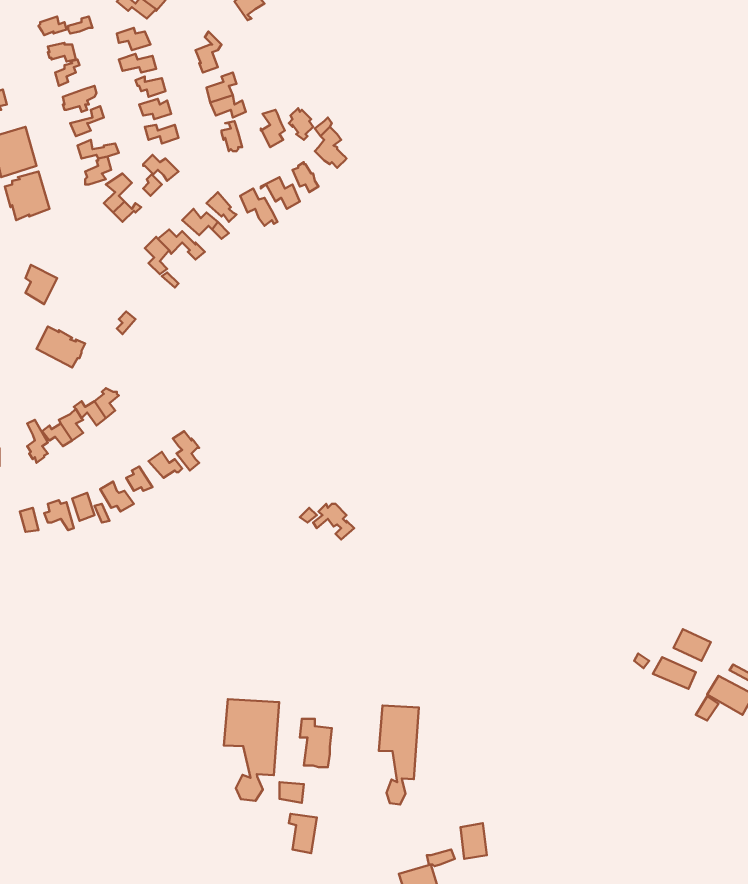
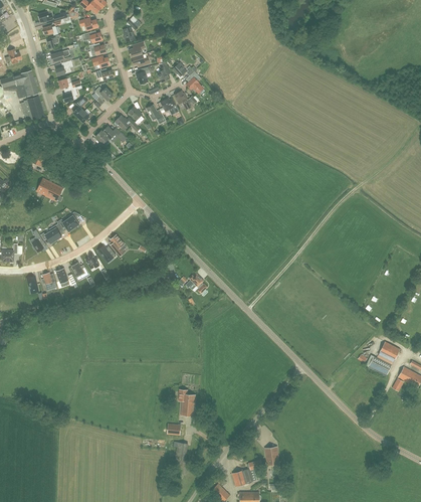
building: [224,699,279,801] -> none
building: [379,705,419,805] -> none

